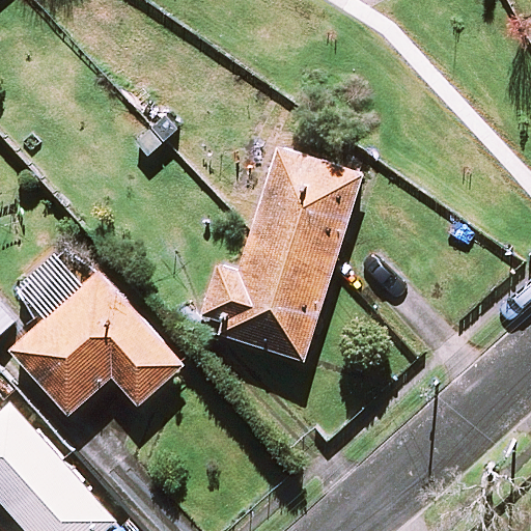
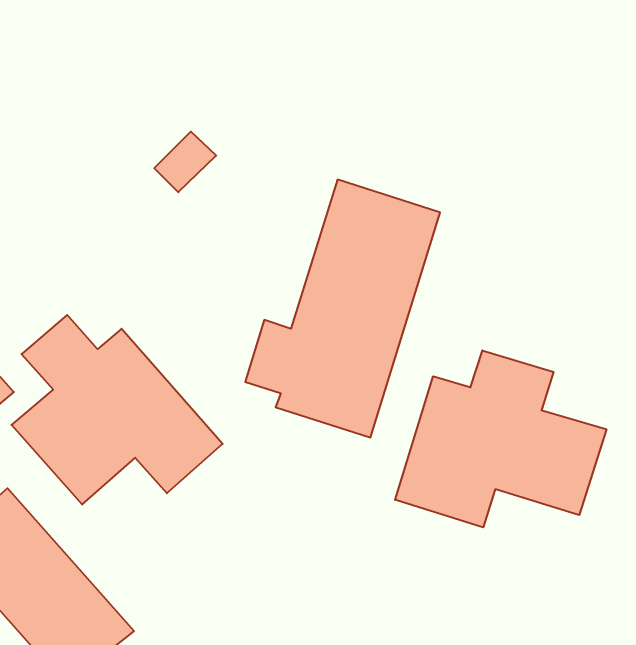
building: none -> [395,350,606,527]

